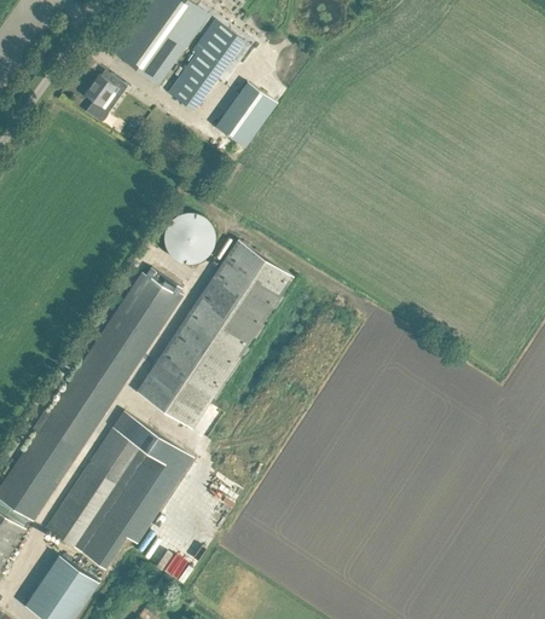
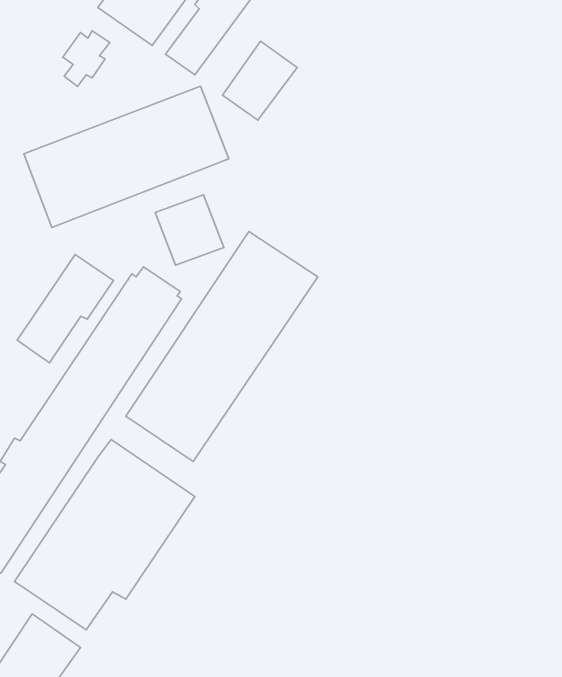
building: none -> [24,86,229,228]
building: none -> [17,255,113,363]

